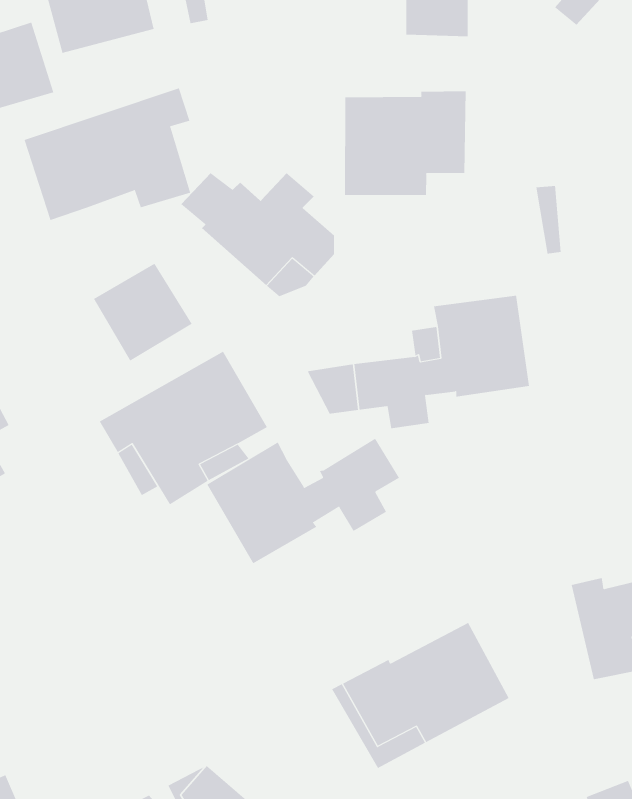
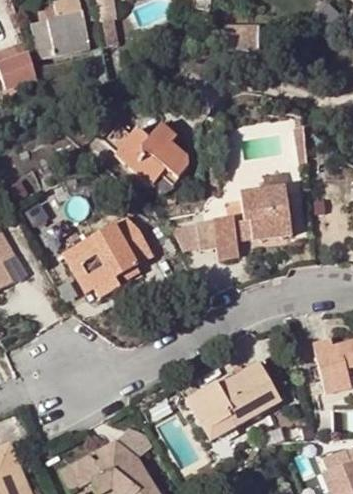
building: [24,88,191,221] -> none
building: [345,91,466,196] -> none
building: [93,263,193,361] -> none
building: [206,438,400,564] -> none

